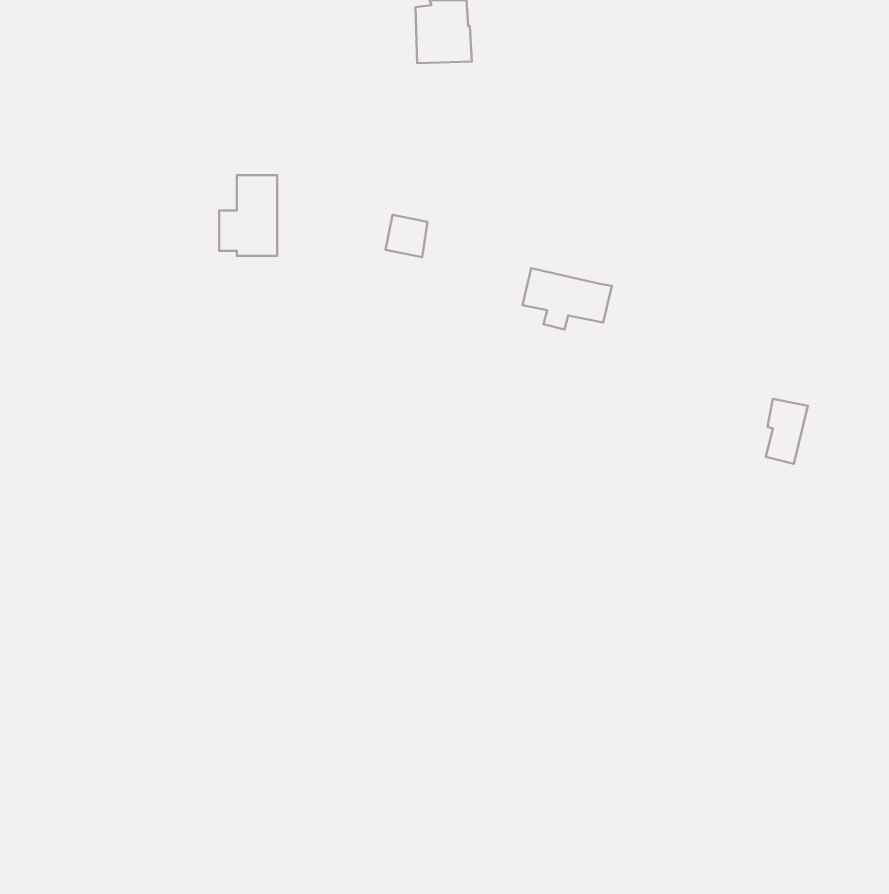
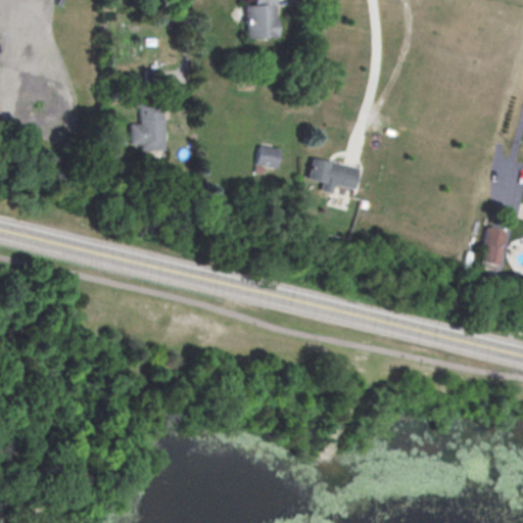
building: [385,215,427,257] -> [257,145,282,170]
building: [766,399,808,464] -> [484,228,509,266]

